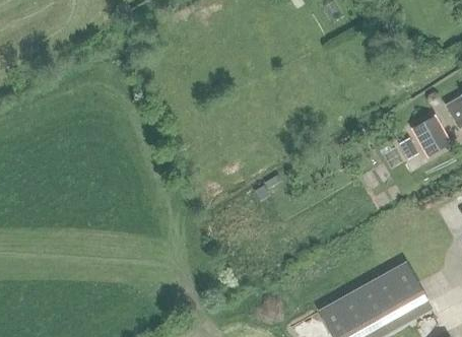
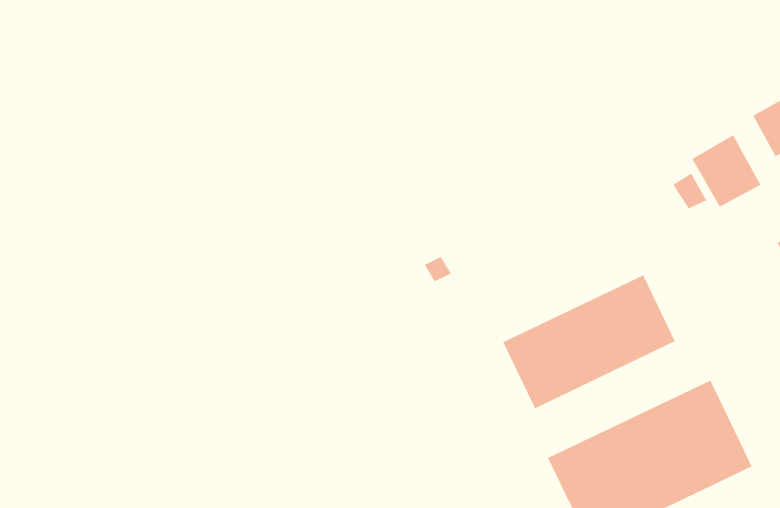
building: none -> [503,274,676,409]

